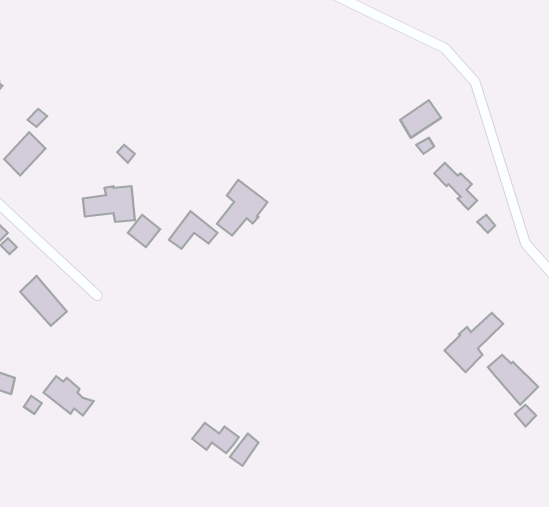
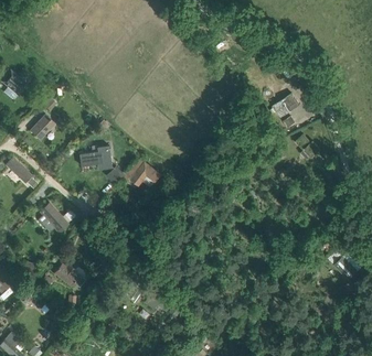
building: [217,180,267,236] -> none
building: [445,313,503,372] -> none

